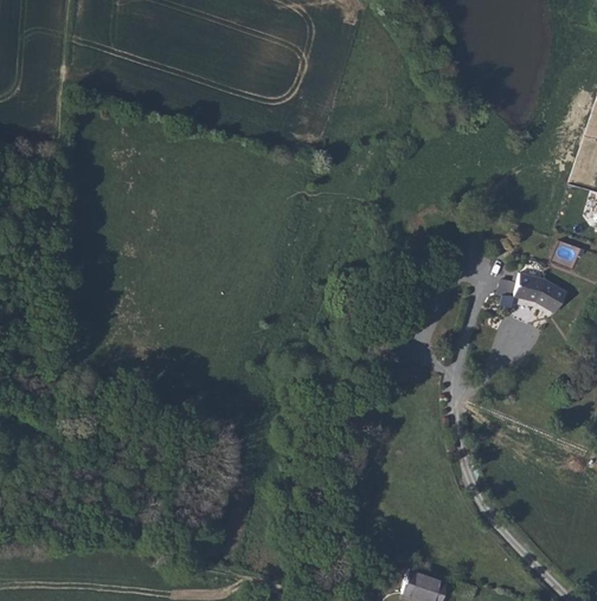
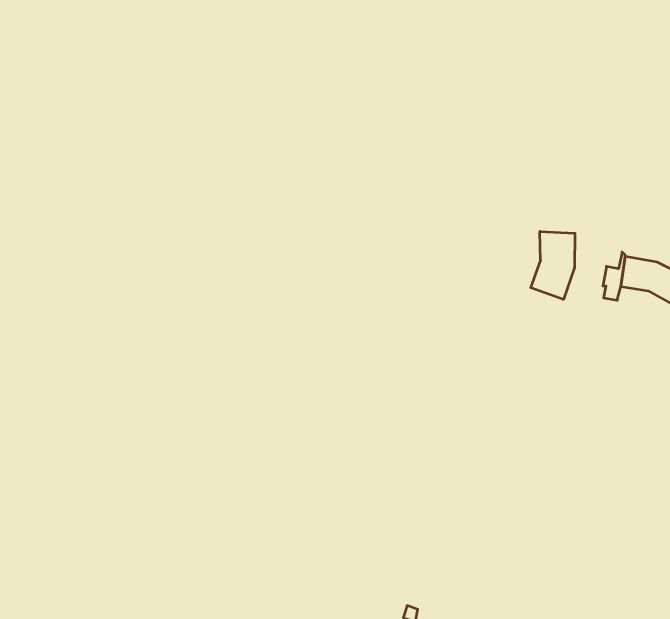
building: none -> [531,231,575,299]

